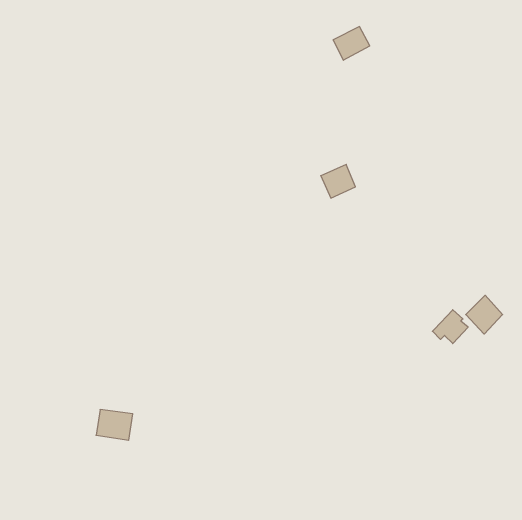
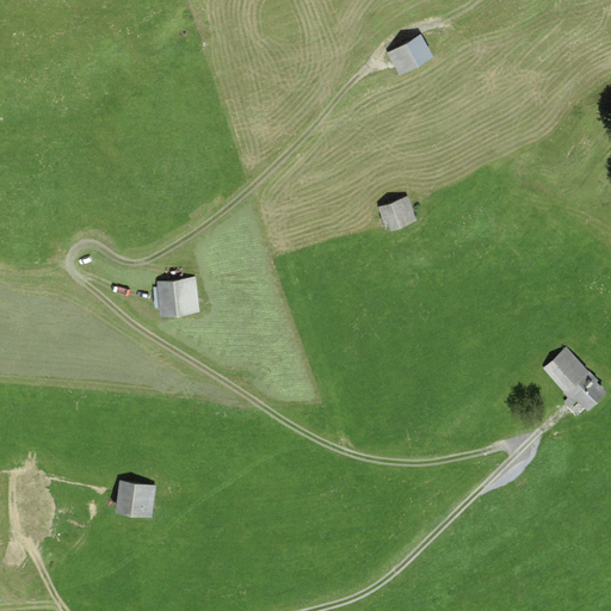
building: none -> [155,280,200,317]
building: [432,310,468,344] -> [563,370,605,409]

